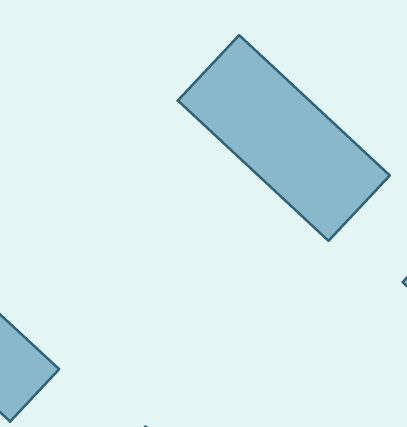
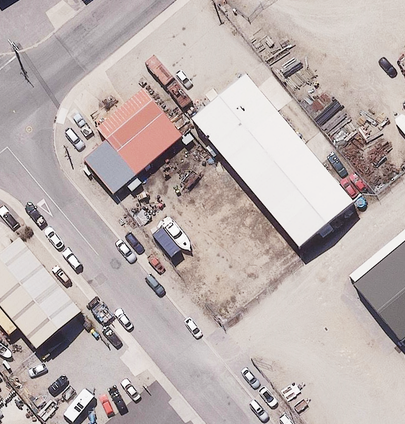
building: none -> [74,85,173,192]

